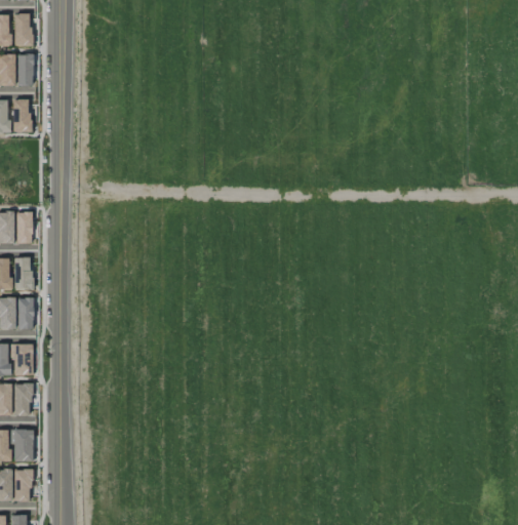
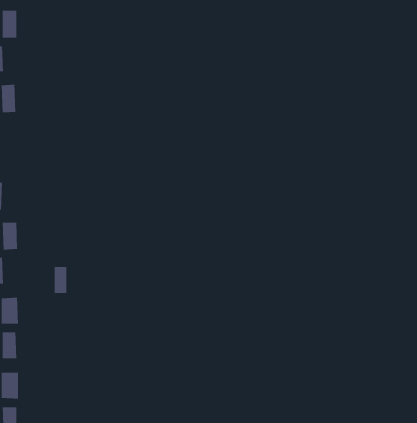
building: [15,54,32,86] -> none
building: [14,212,31,243] -> none
building: [16,297,32,329] -> [54,266,67,294]

